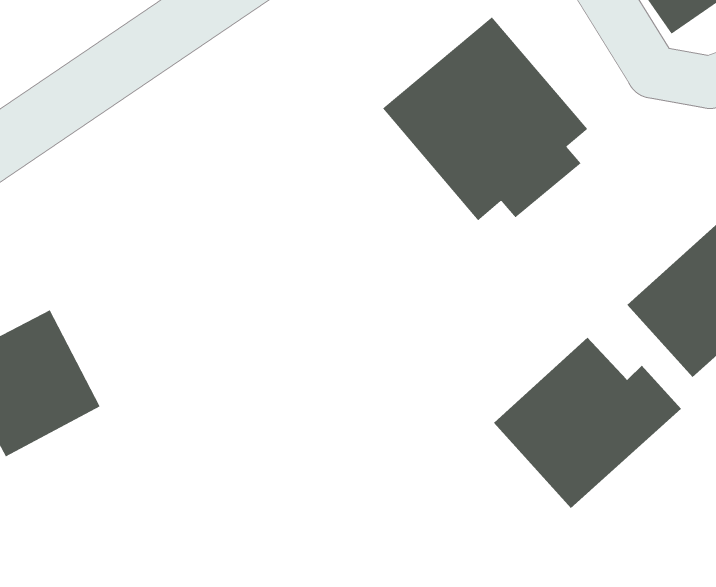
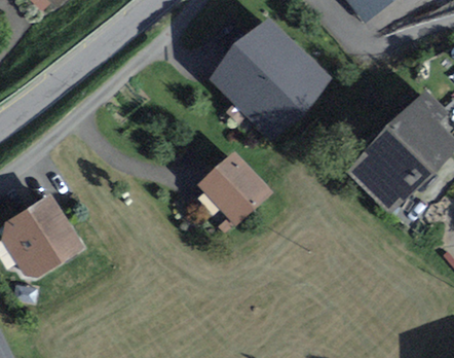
building: none -> [202,154,266,218]
building: [493,337,682,509] -> none

